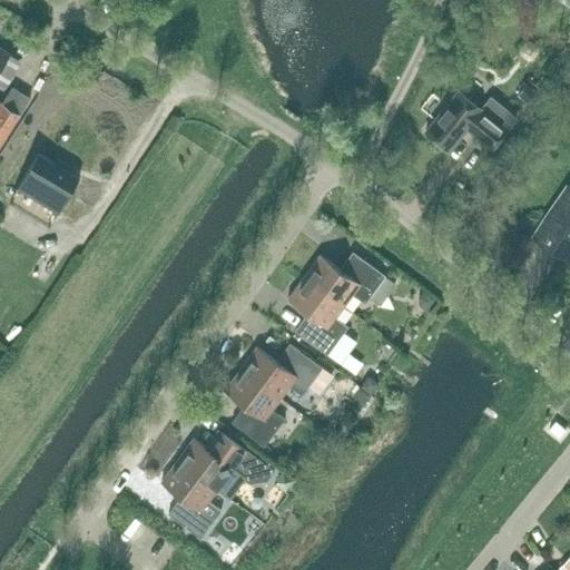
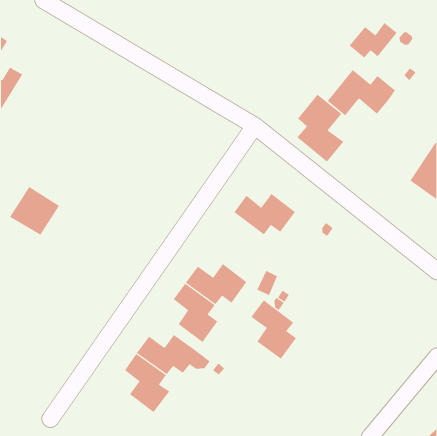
building: none -> [349,22,397,59]
building: none -> [297,94,344,162]
building: [13,155,79,219] -> [9,186,60,236]
building: [287,277,347,355] -> [251,300,297,359]

